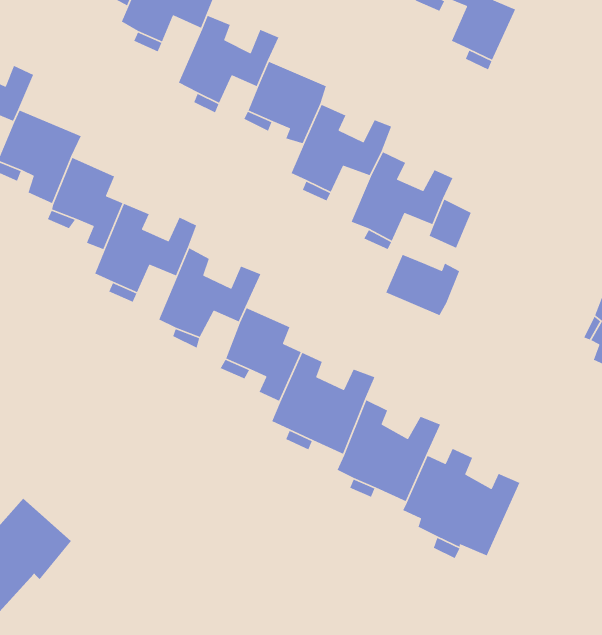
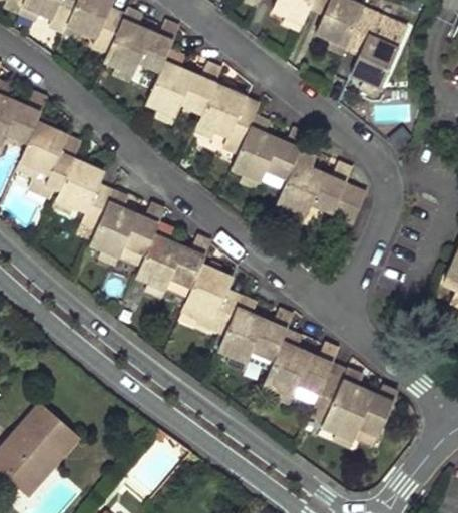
building: [385,254,460,316] -> none

